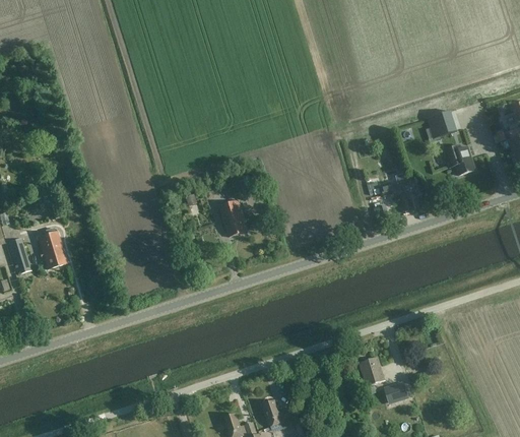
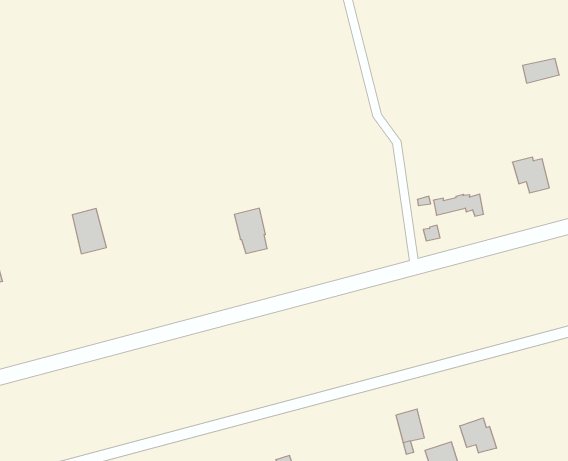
building: [429,114,459,135] -> [523,59,559,83]
building: [37,231,66,268] -> [72,209,106,254]
building: none -> [460,418,496,453]

